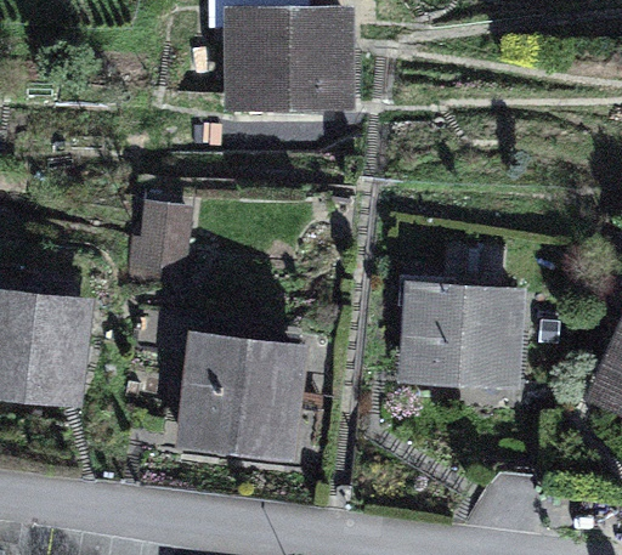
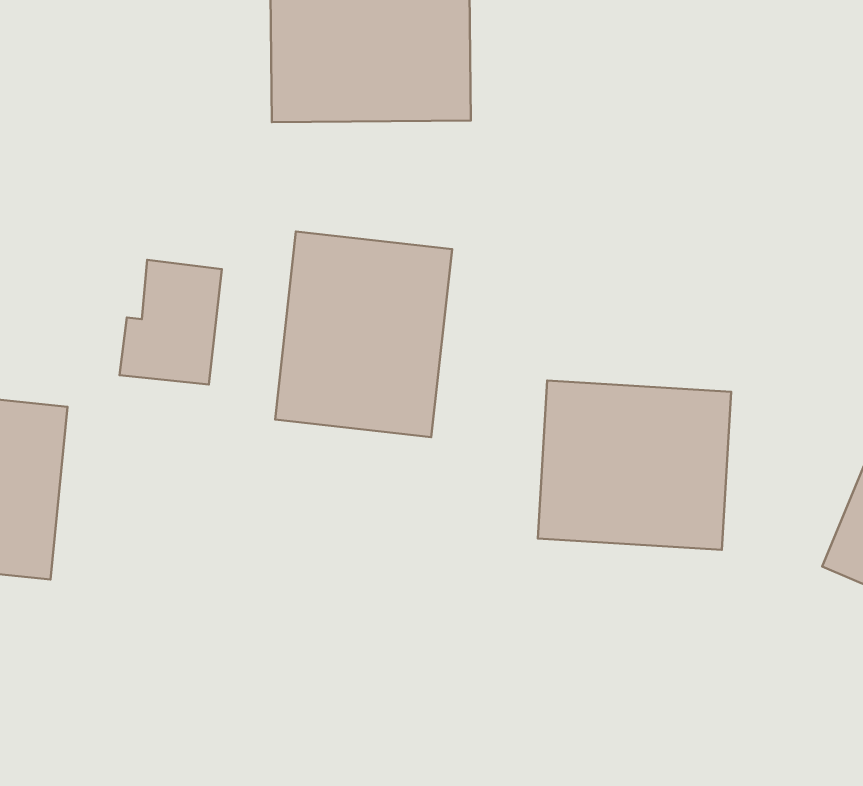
building: none -> [275,232,452,437]
building: [175,330,307,461] -> none

